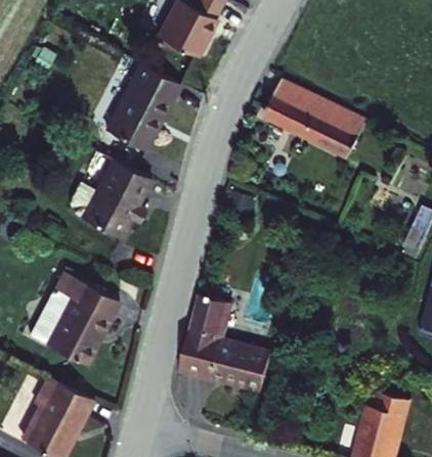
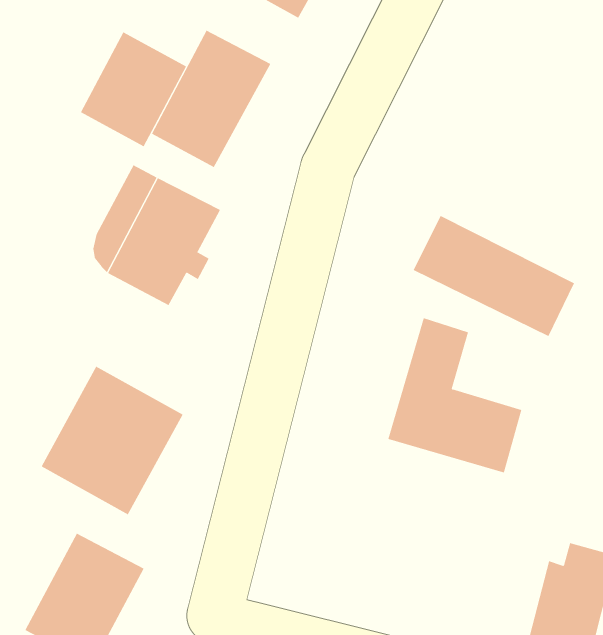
building: none -> [80,32,187,147]
building: [264,80,366,156] -> [413,215,575,337]
building: [180,291,265,390] -> [388,317,522,473]

